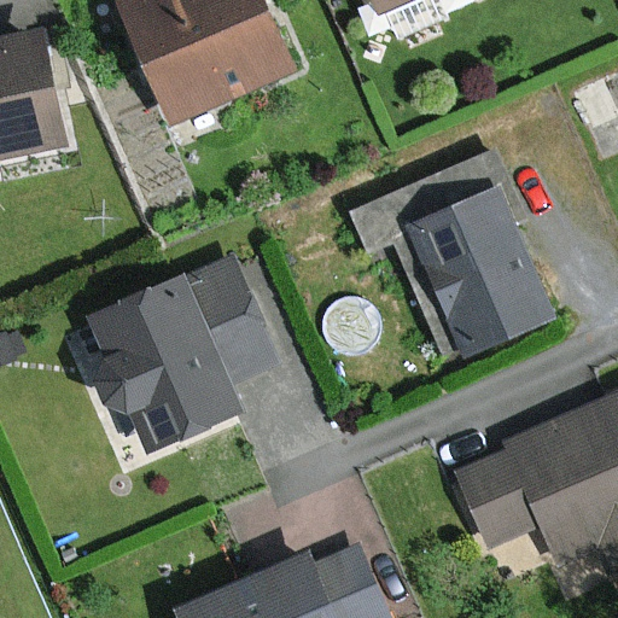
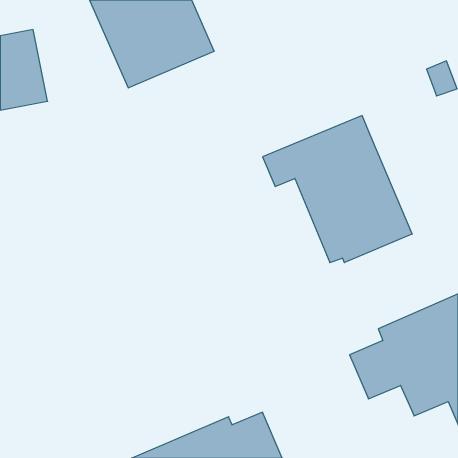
building: [88,256,281,451] -> none

